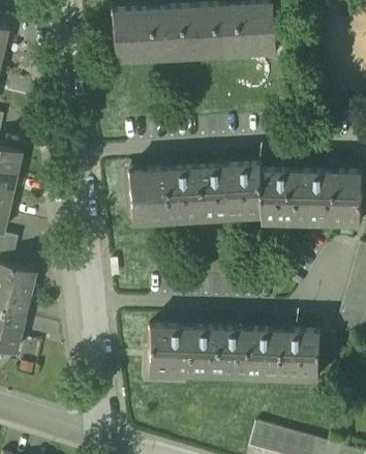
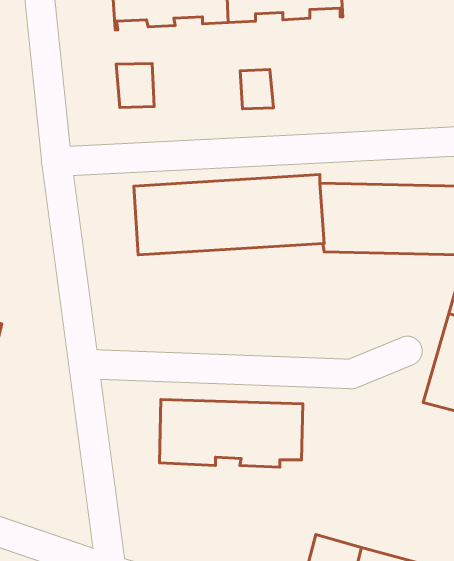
building: none -> [116,63,154,108]
building: none -> [240,70,273,109]
building: [250,329,324,377] -> none

